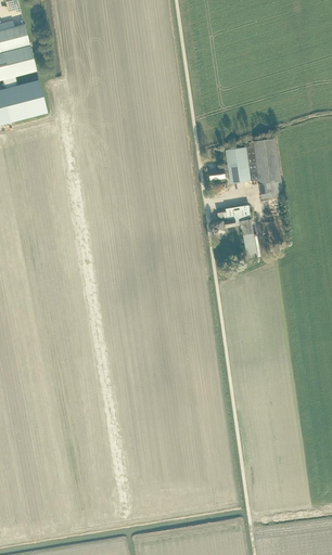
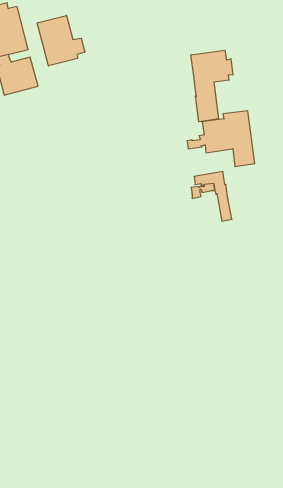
building: none -> [37,15,85,66]
building: none -> [191,50,233,122]

